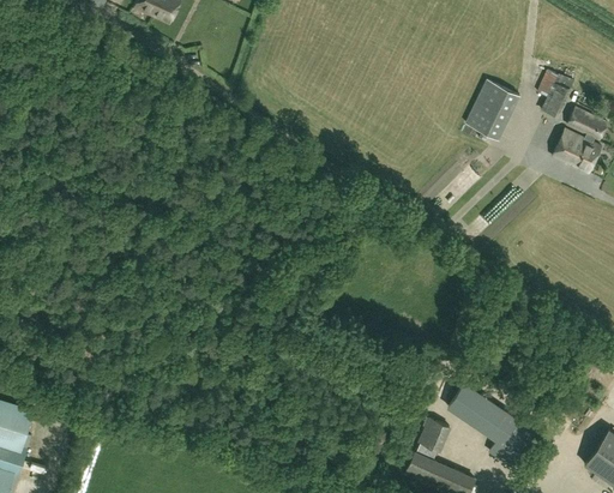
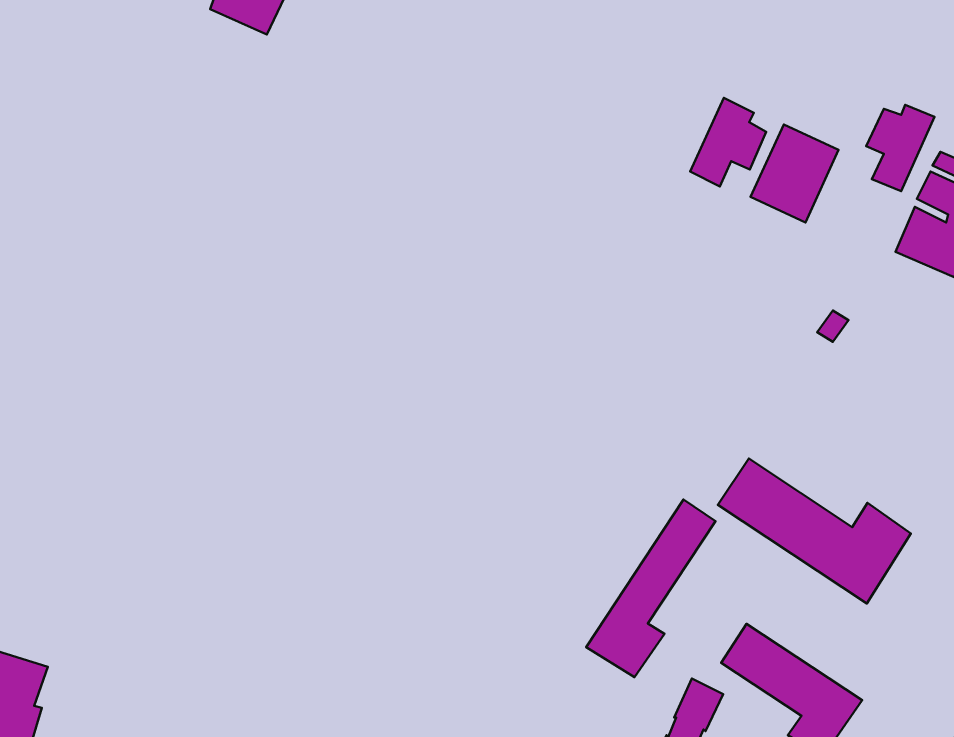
building: none -> [690,98,766,187]
building: none -> [718,459,911,603]
building: none -> [586,499,716,677]

